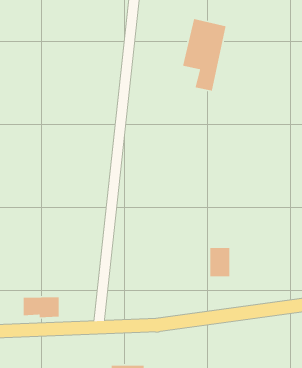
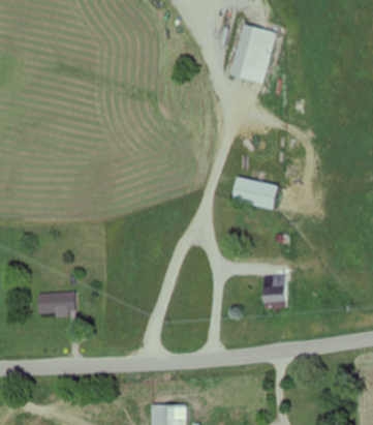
building: none -> [229,176,276,208]
building: [23,296,60,318] -> [36,292,76,315]

